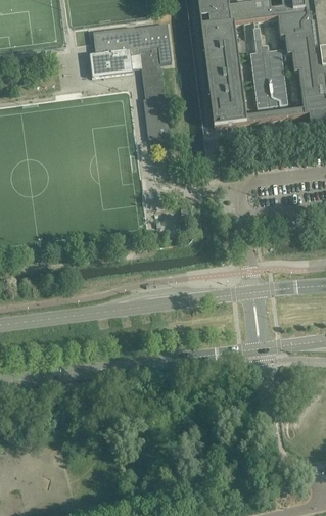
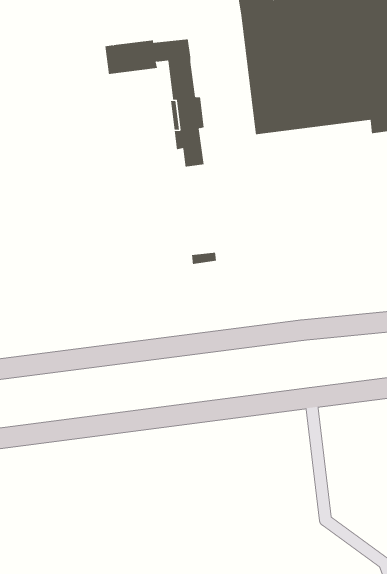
building: [93,20,172,60] -> none

